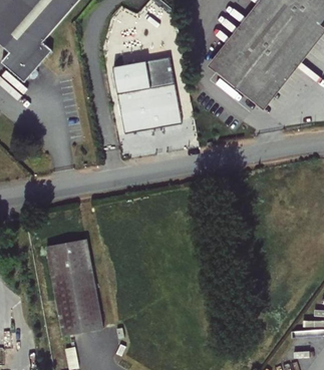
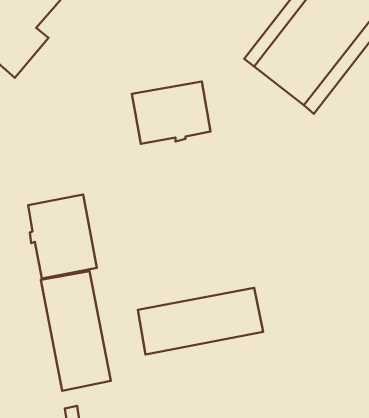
building: [113,58,175,95] -> none
building: none -> [28,195,97,278]
building: none -> [138,288,263,354]

